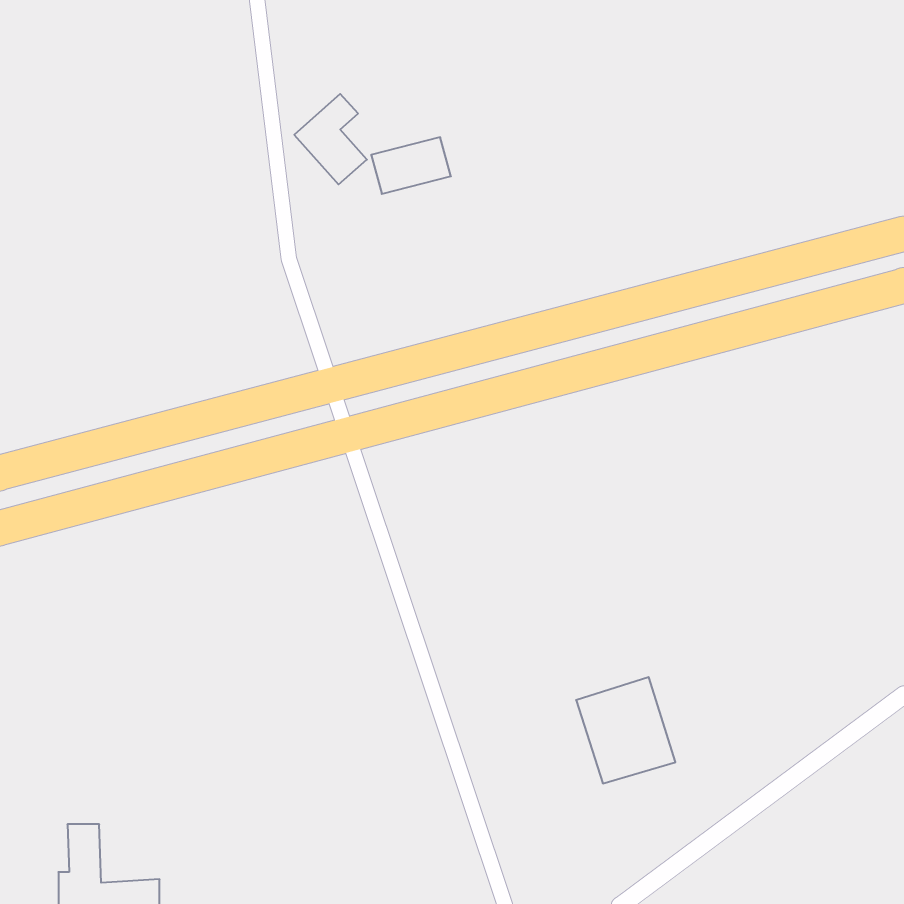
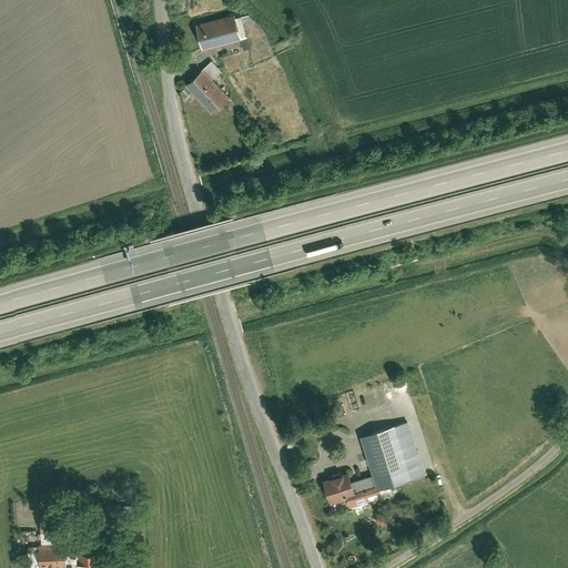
building: [371,137,451,194] -> [195,14,245,50]
building: none -> [322,475,355,506]

